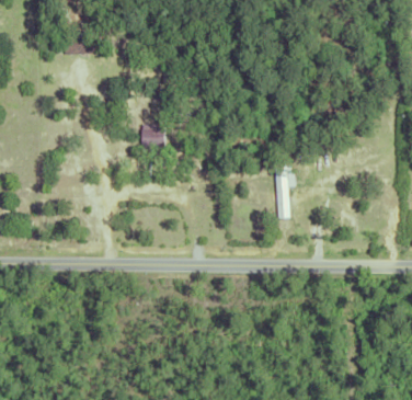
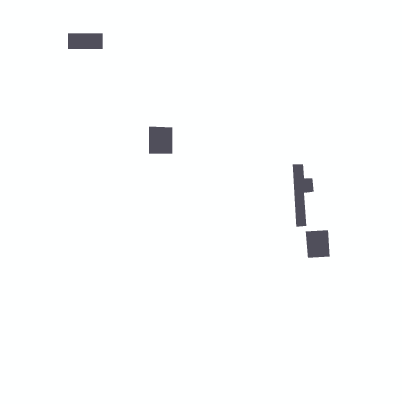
building: none -> [305,229,330,258]

